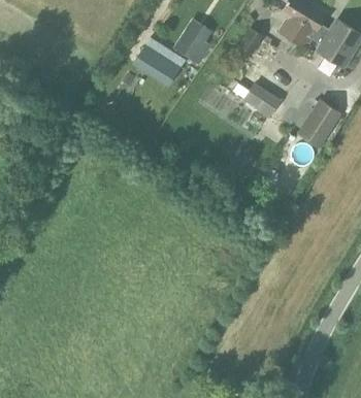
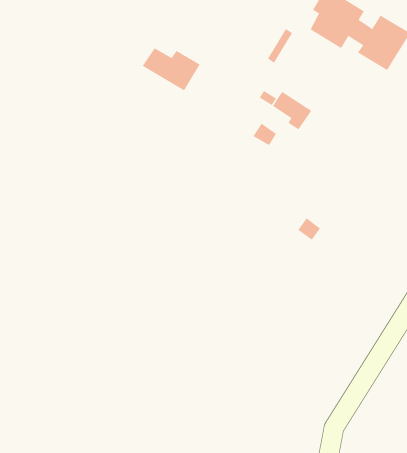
building: [172,20,211,63] -> none
building: [299,102,340,147] -> none

